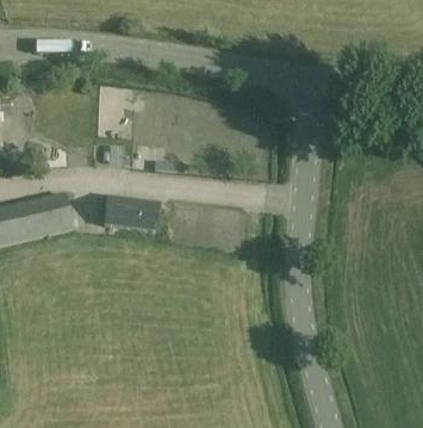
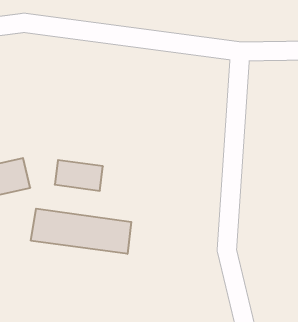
building: none -> [31,209,131,254]

